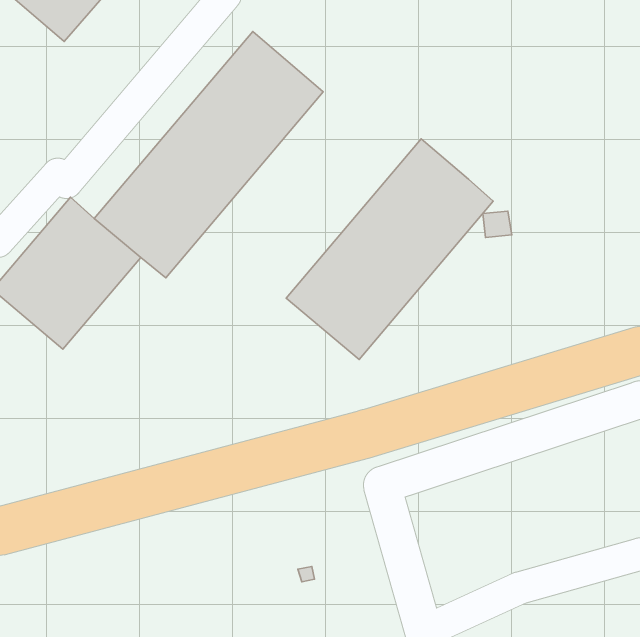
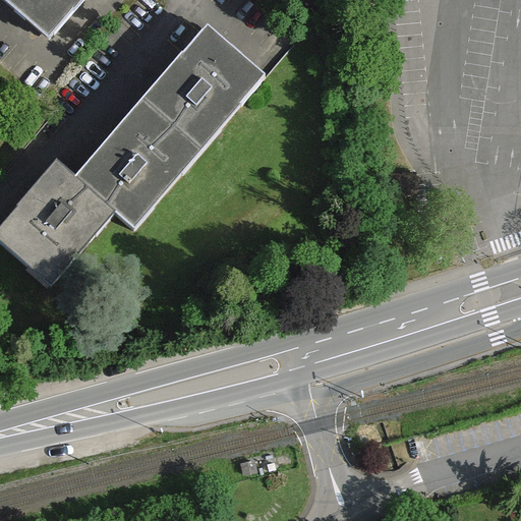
building: [286,139,493,359] -> none

